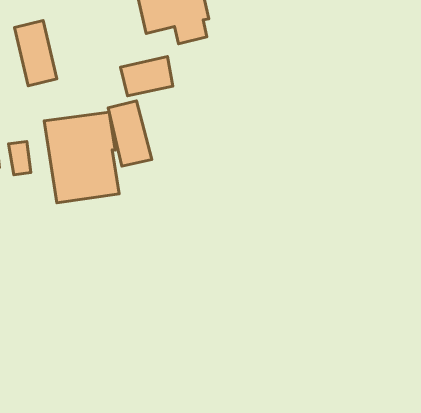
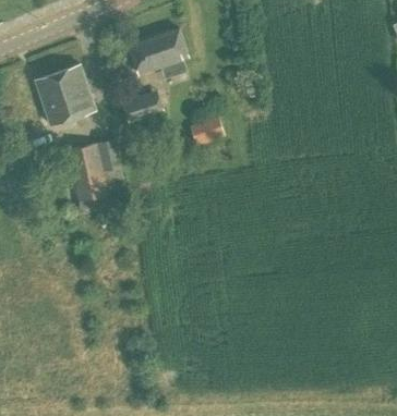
building: none -> [192,115,226,145]
building: [108,101,152,166] -> [58,63,96,115]

